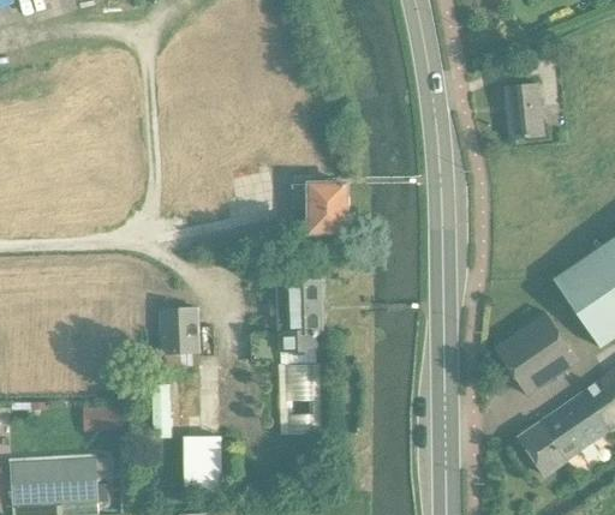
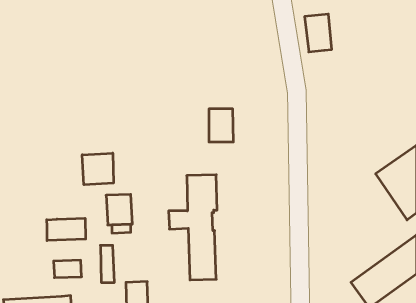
building: [504,83,544,138] -> [305,14,332,52]
building: none -> [82,153,113,185]
building: [495,312,579,395] -> none
building: none -> [47,218,86,241]

